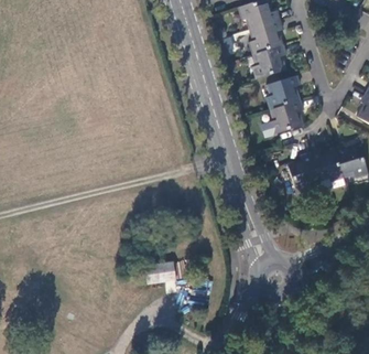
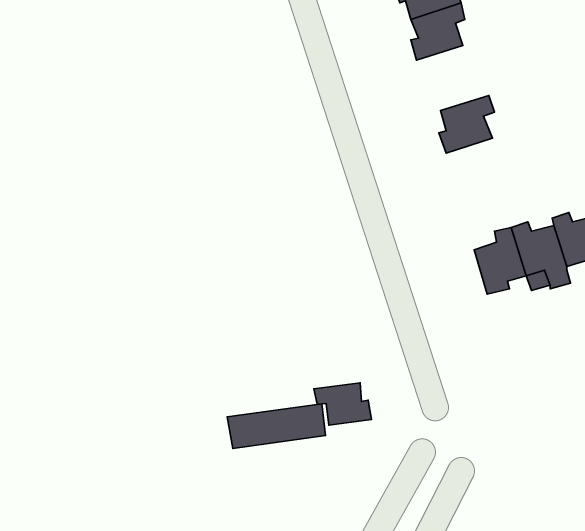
building: [252,44,285,77] -> none
building: [270,99,303,133] -> none
building: none -> [314,383,371,425]

